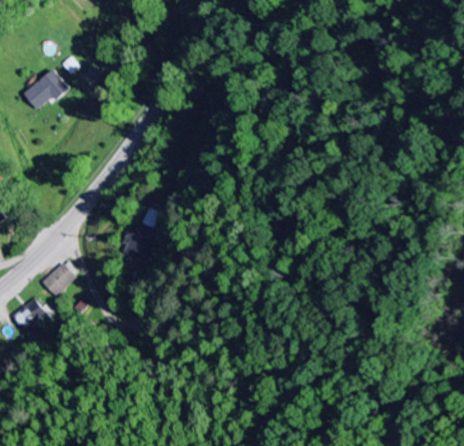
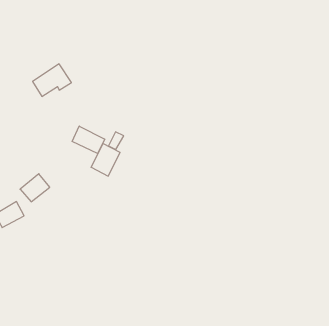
building: [25,69,71,109] -> [33,64,71,96]
building: none -> [72,126,105,154]

